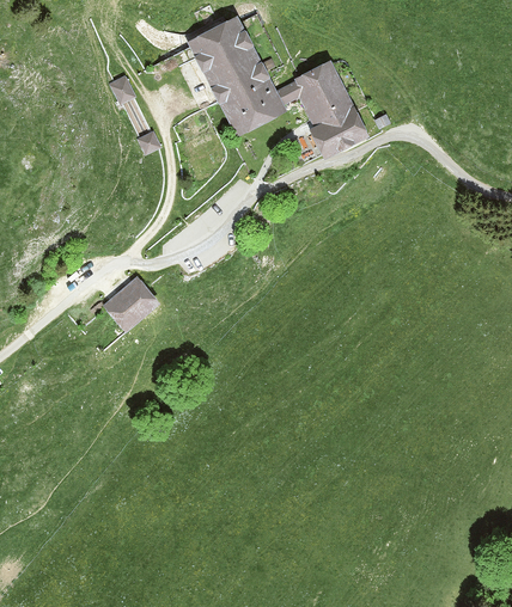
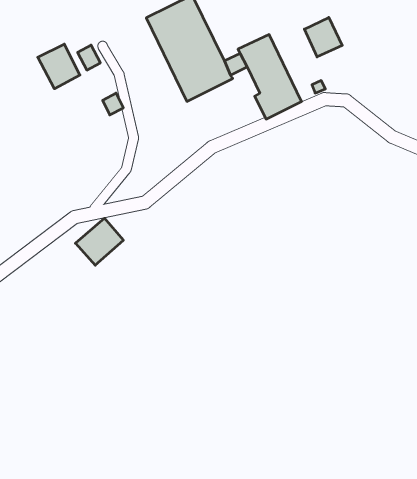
building: none -> [304,17,342,57]
building: none -> [38,44,80,89]

